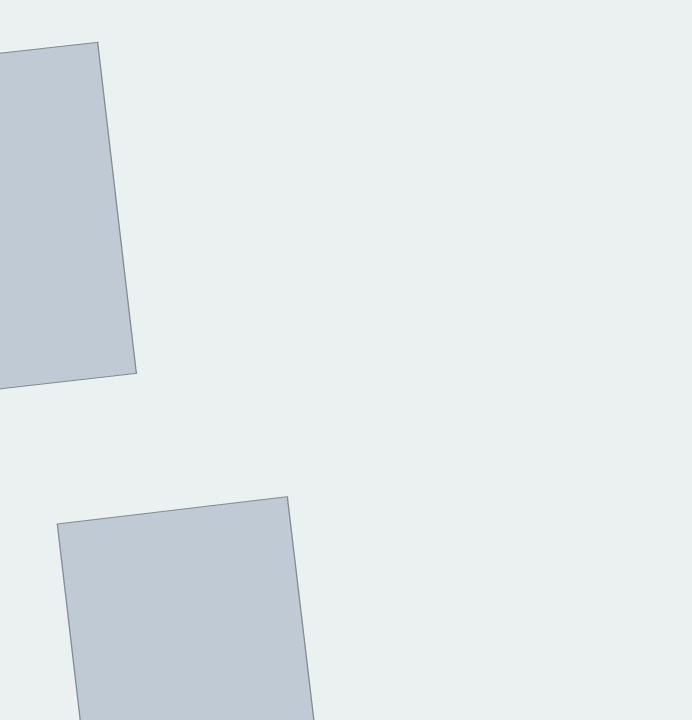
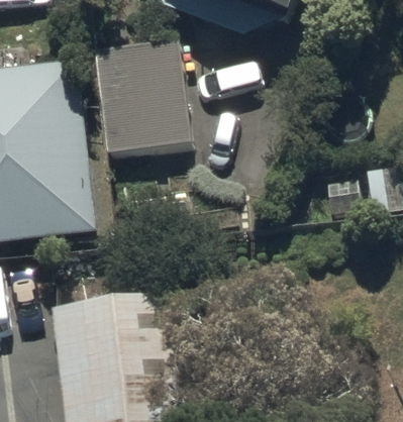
building: none -> [96,43,189,152]

